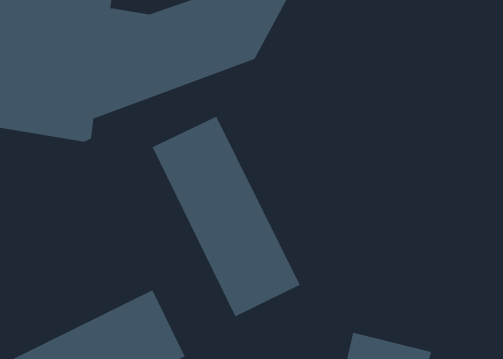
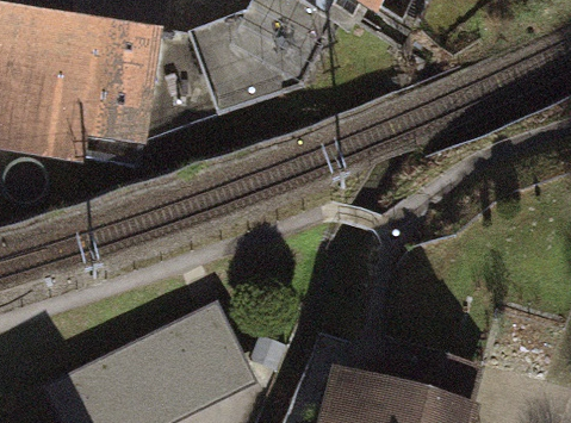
building: [152,116,300,317] -> none

